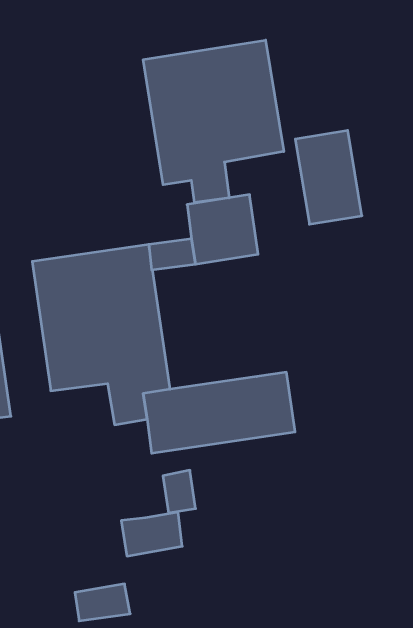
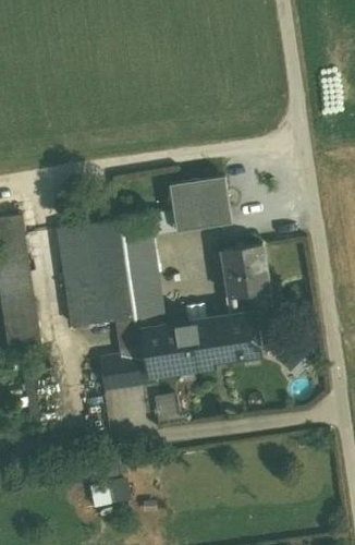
building: [143,40,284,203] -> none
building: [295,130,362,224] -> [219,244,270,316]
building: [121,512,182,556] -> [102,349,149,383]

